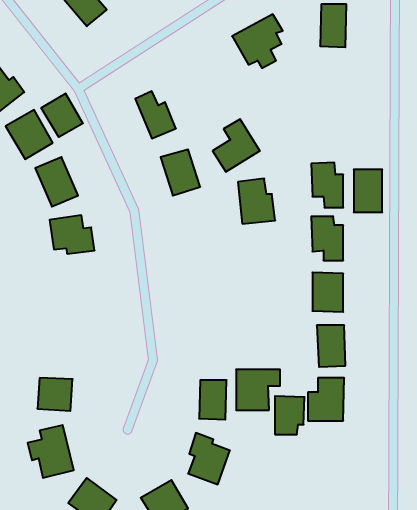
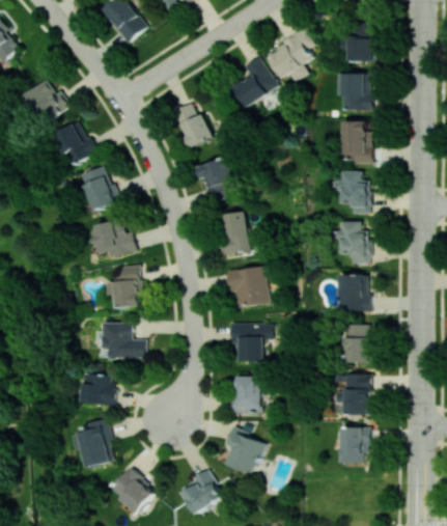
building: none -> [336,74,370,110]
building: [41,93,83,137] -> none
building: [213,119,260,172] -> [231,57,276,107]
building: [354,169,382,212] -> [342,121,369,162]
building: [238,179,275,224] -> [219,212,254,254]
building: none -> [105,266,140,307]
building: none -> [225,266,268,308]
building: none -> [101,323,145,359]
building: [236,369,280,410] -> [231,324,273,362]
building: [275,396,305,434] -> [341,427,369,464]

